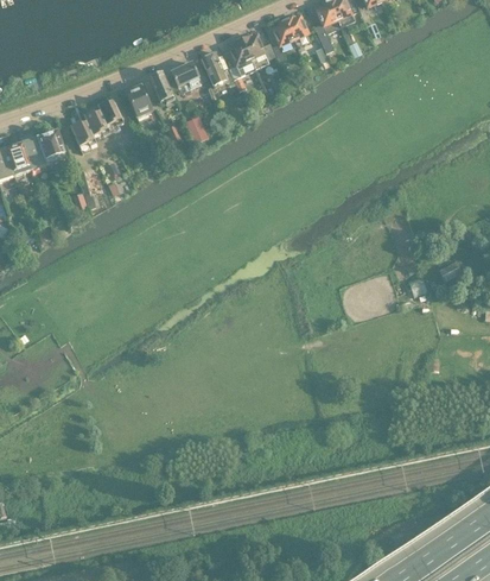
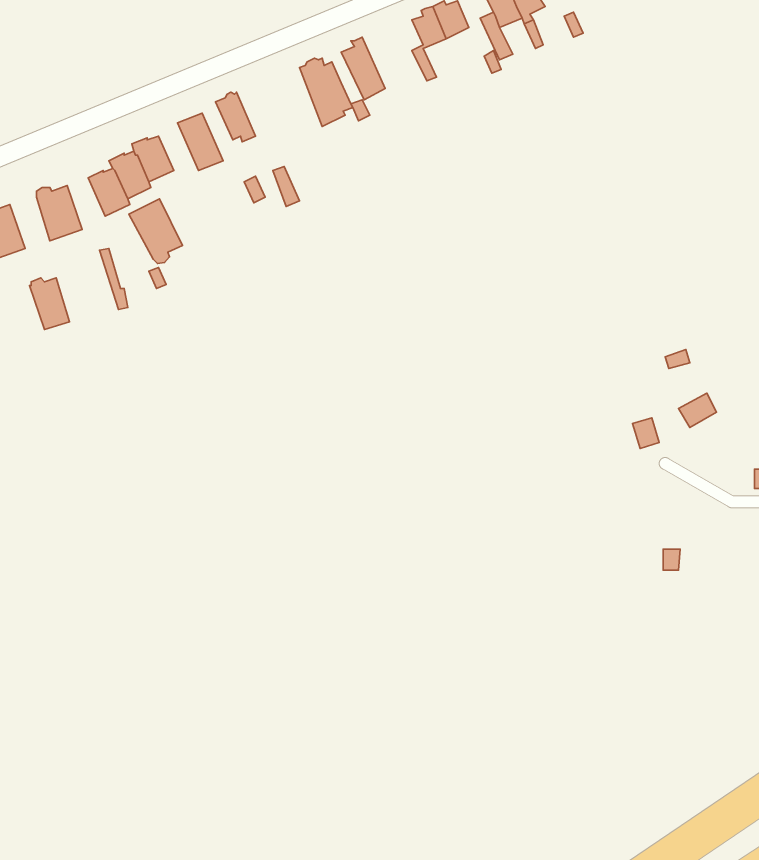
building: [241,33,275,69] -> none
building: [172,61,208,88] -> none
building: [21,137,46,169] -> [29,278,69,329]
building: none -> [129,199,183,264]

